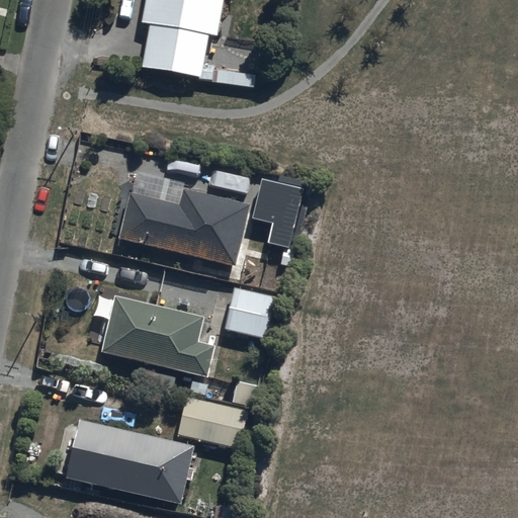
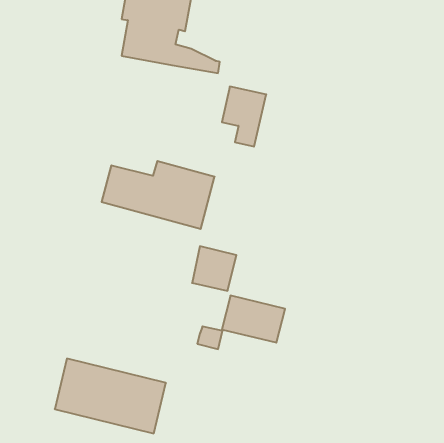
building: [251,178,303,248] -> [222,87,266,147]
building: [101,294,215,377] -> none
building: [175,395,249,449] -> [222,296,285,343]

